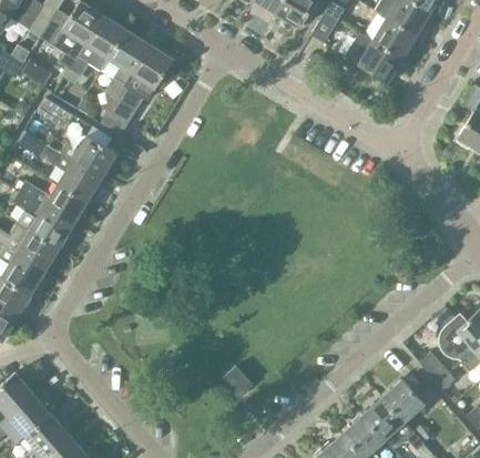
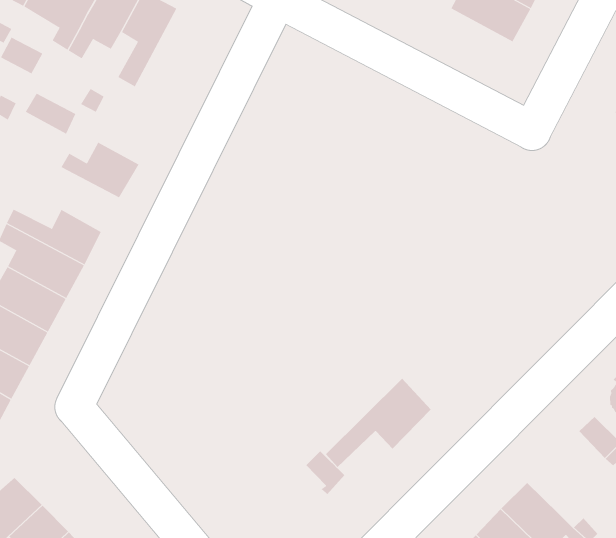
building: [101,44,173,136] -> none
building: [40,145,101,201] -> none
building: none -> [325,378,432,468]
building: [380,379,433,421] -> none

